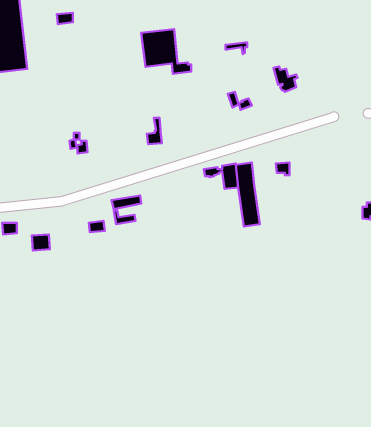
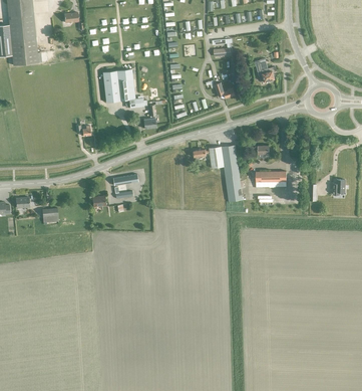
building: [141,29,191,74] -> [102,69,146,109]
building: none -> [256,171,286,187]

